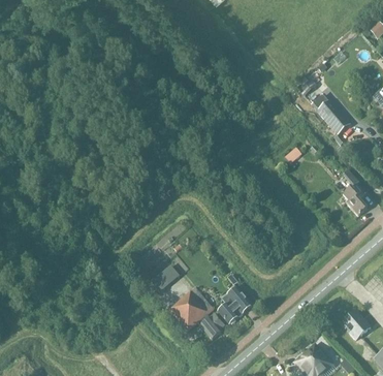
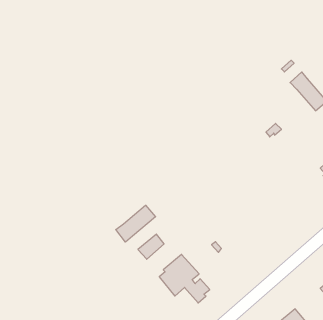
building: none -> [116,205,156,242]
building: [218,288,251,324] -> none

